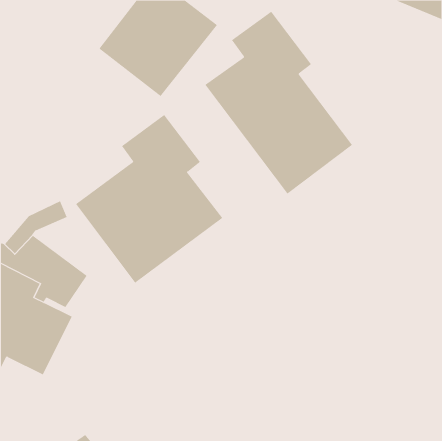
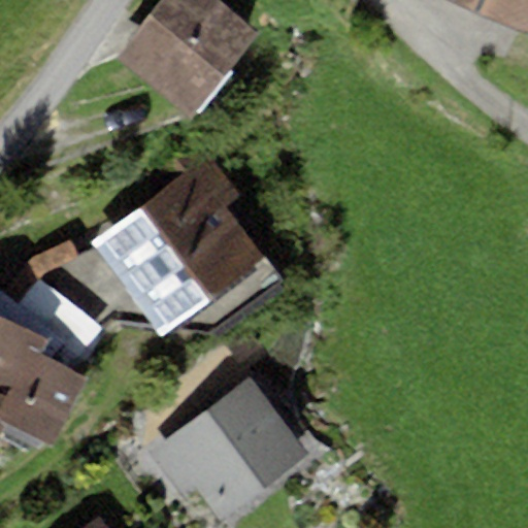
building: [205,11,353,194] -> none
building: none -> [146,375,310,521]

